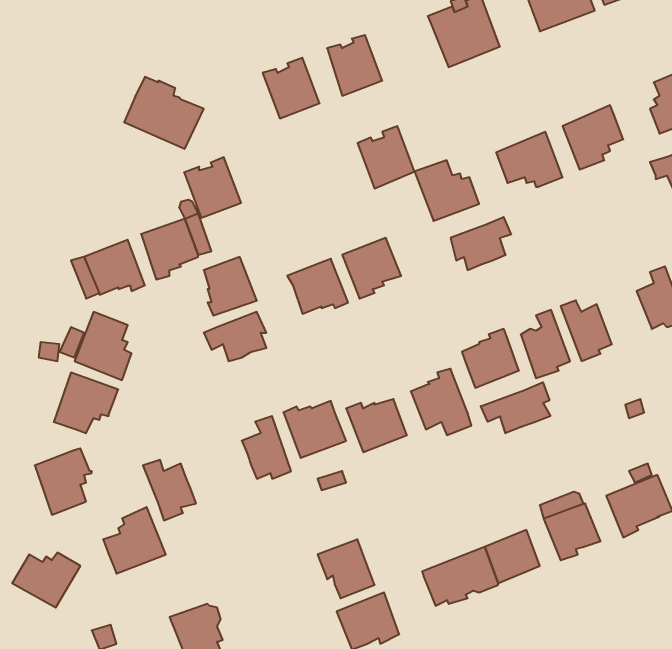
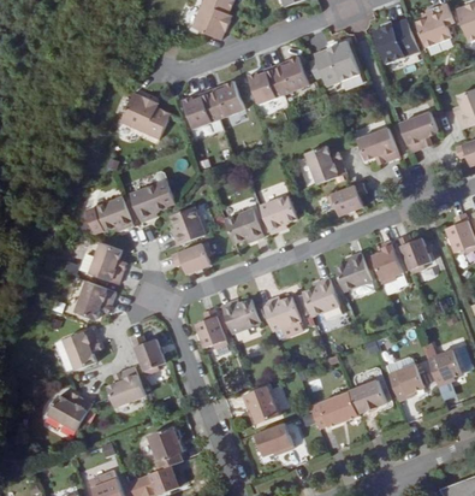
building: [358,126,414,189] -> [273,55,309,95]
building: [184,157,241,218] -> [183,90,219,129]
building: [481,382,550,433] -> none

